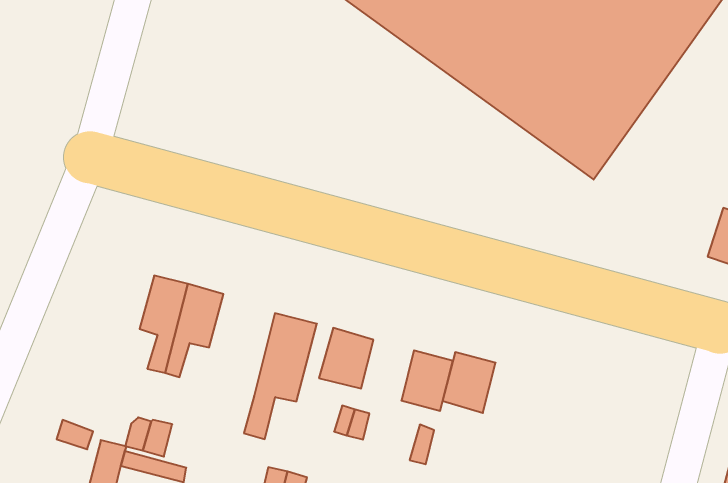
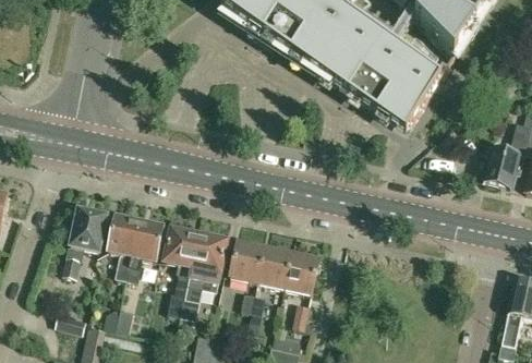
building: none -> [64,208,106,276]
building: none -> [165,228,198,289]
building: [443,352,496,413] -> [258,247,292,287]

